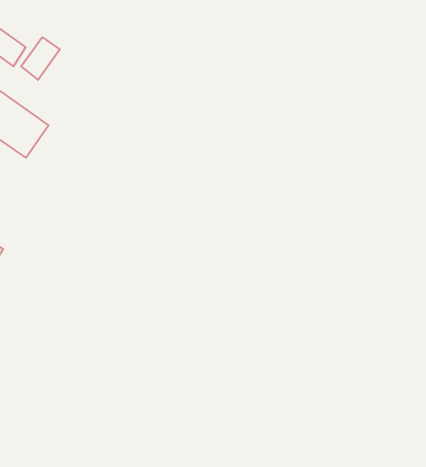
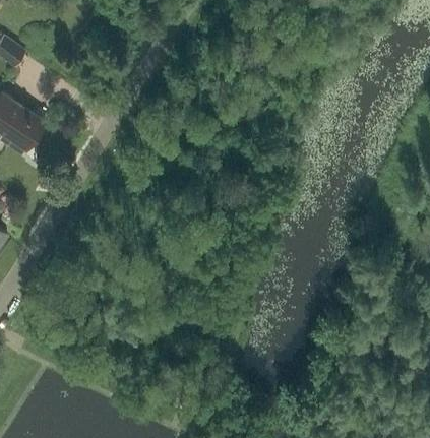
building: [21,37,60,80] -> none

